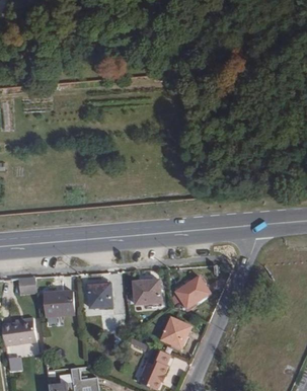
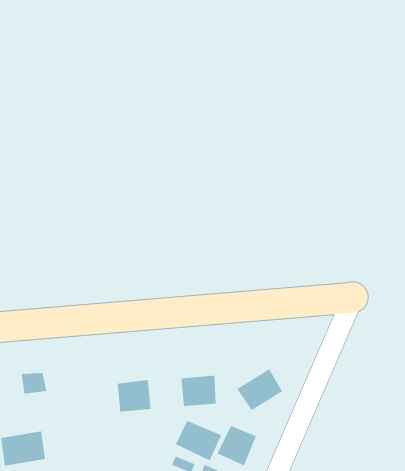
building: [44,292,73,317] -> none
building: none -> [175,420,222,461]

